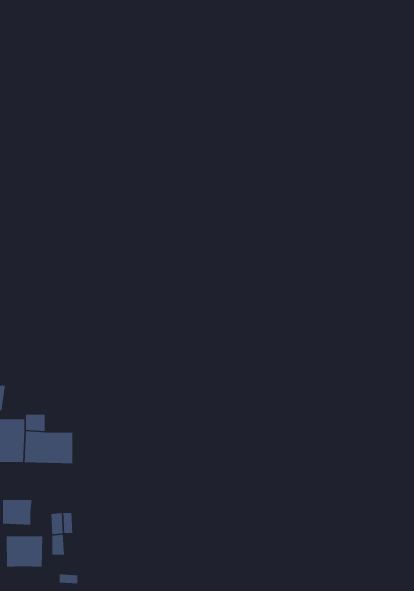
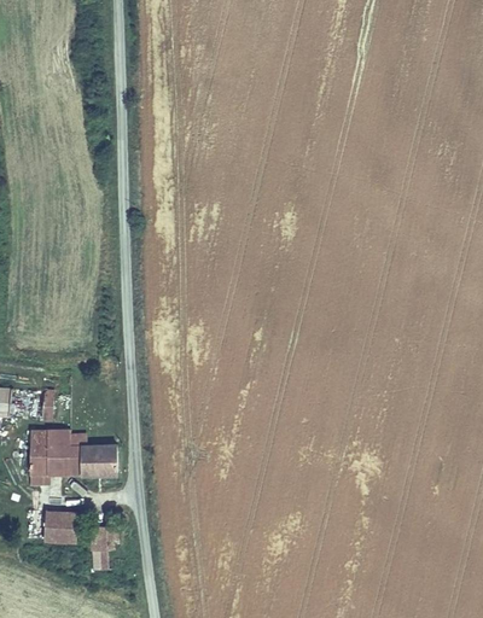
building: [6,535,43,567] -> none

